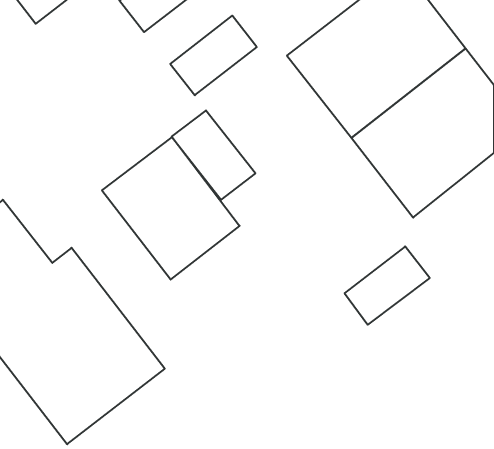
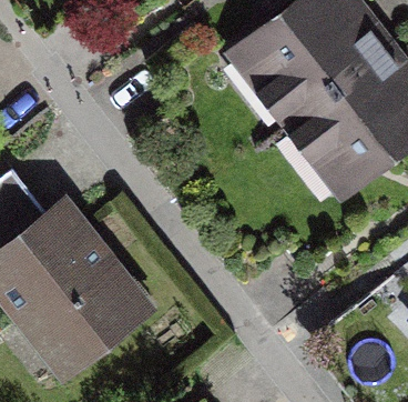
building: [102,137,240,280] -> none

